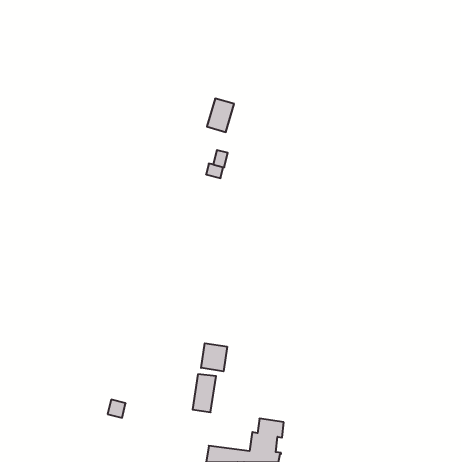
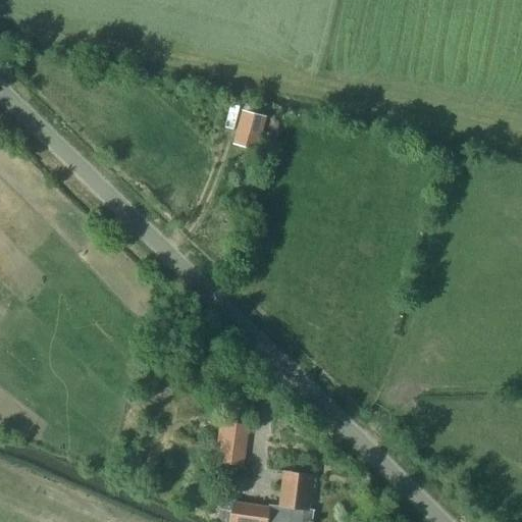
building: [201,343,227,371] -> none

